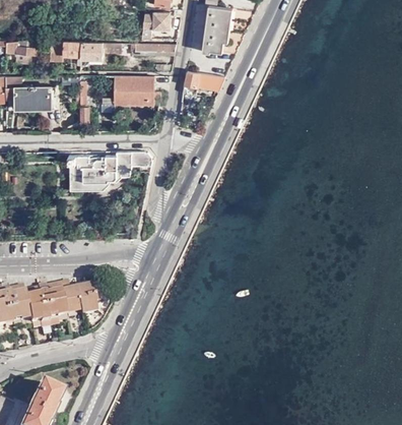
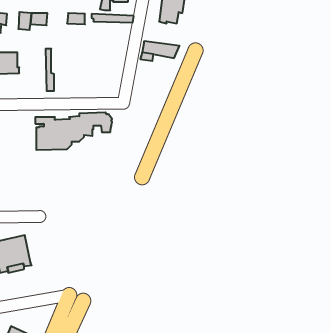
building: [80,43,105,70] -> none
building: [115,76,161,105] -> none
building: [58,282,95,313] -> none

